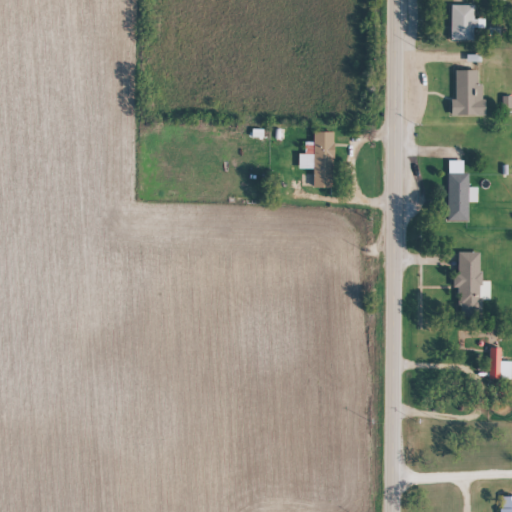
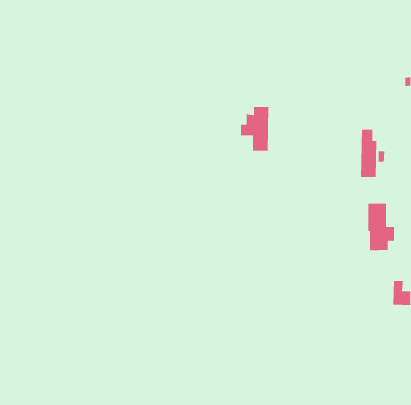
building: [450,5,484,40] -> none
building: [450,70,484,115] -> none

